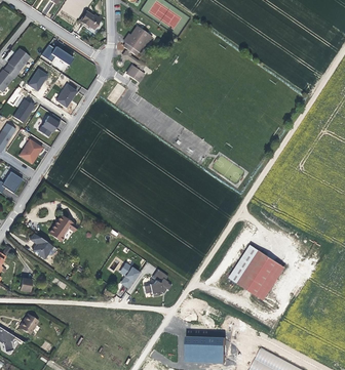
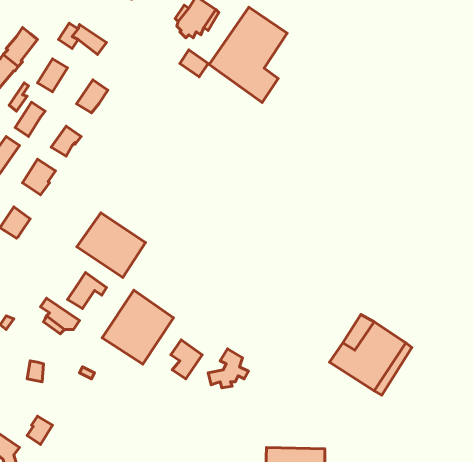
building: none -> [209,7,287,103]
building: none -> [77,213,145,277]
building: none -> [102,290,174,364]

